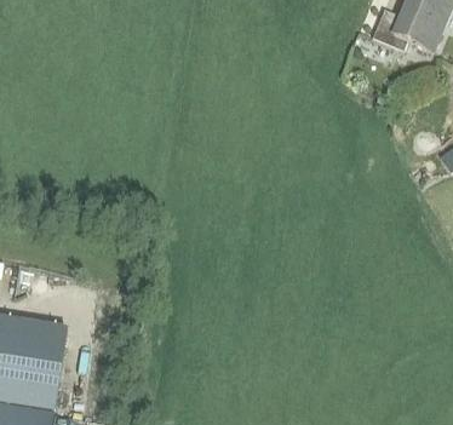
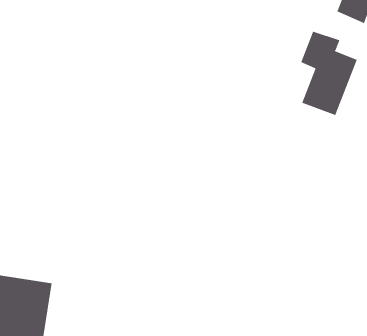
building: none -> [300,31,358,116]

